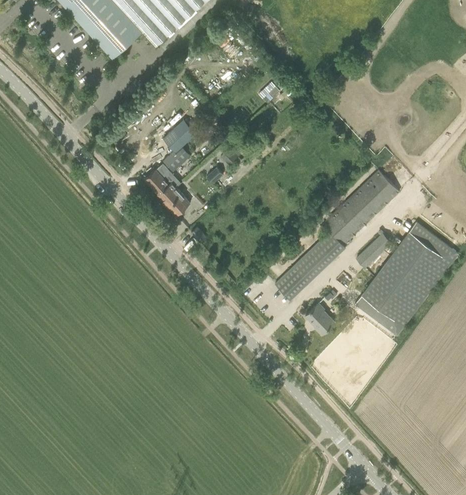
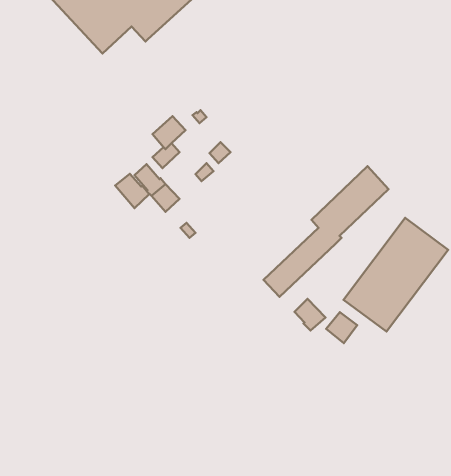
building: none -> [115,174,149,208]
building: [355,232,392,268] -> none
building: none -> [326,312,357,343]

